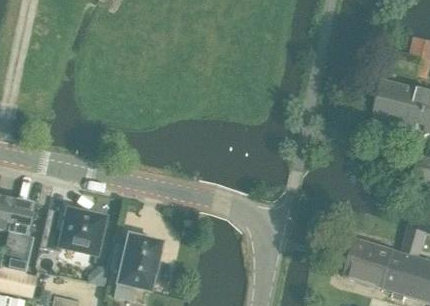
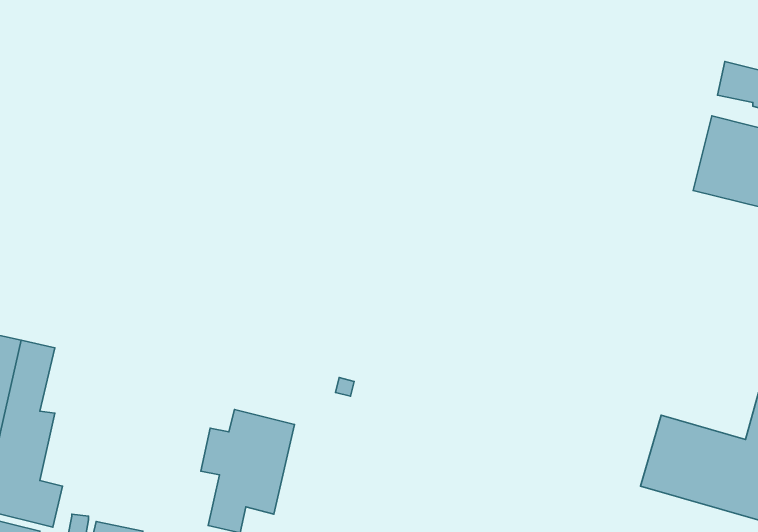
building: [38,211,102,254] -> none

